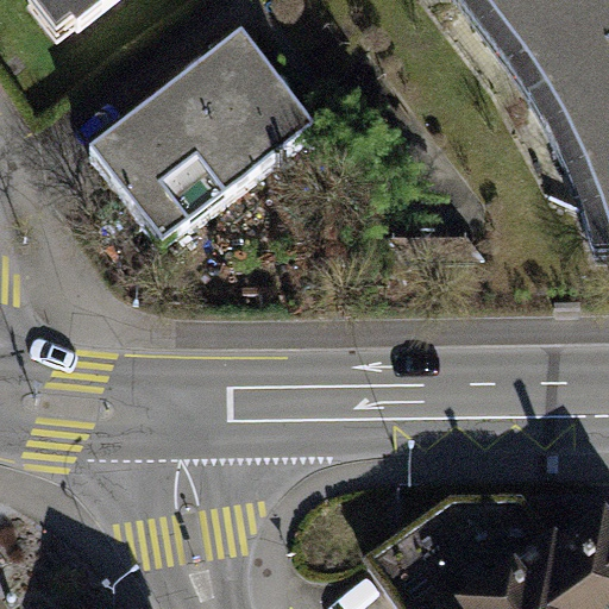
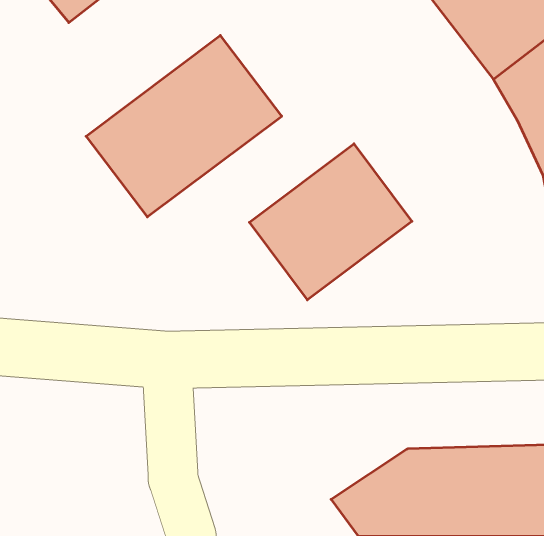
building: none -> [249,144,412,300]

